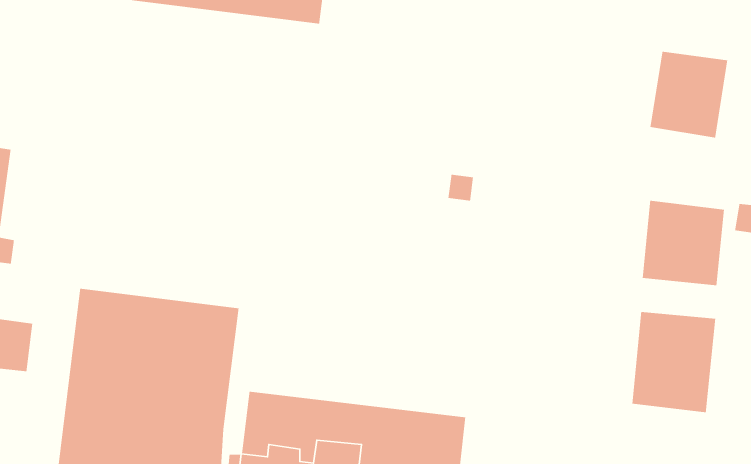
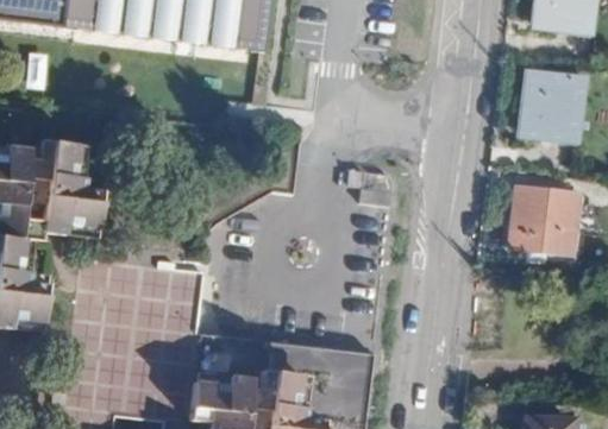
building: none -> [33,138,100,229]
building: [632,311,716,413] -> none

